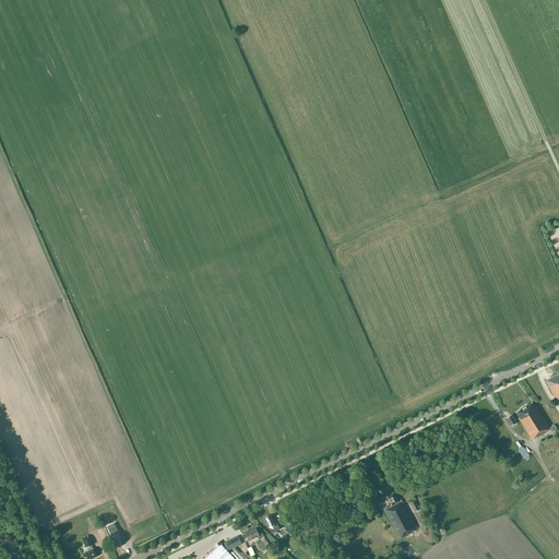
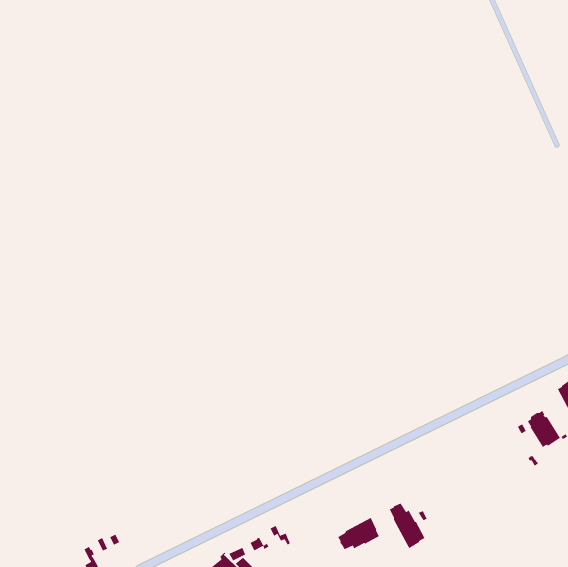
building: none -> [337,517,380,550]

